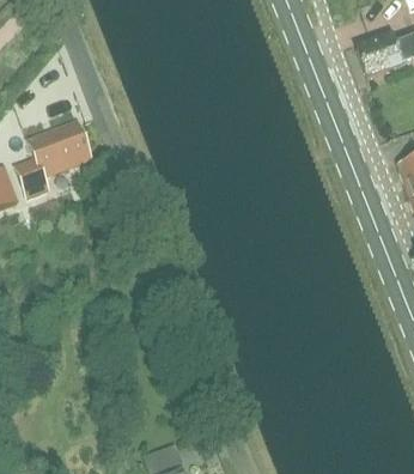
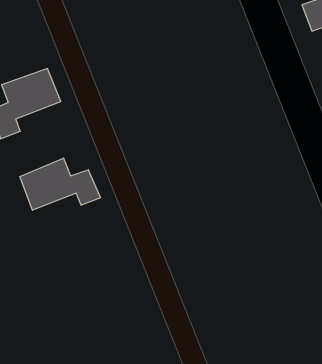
building: none -> [20,158,100,210]

